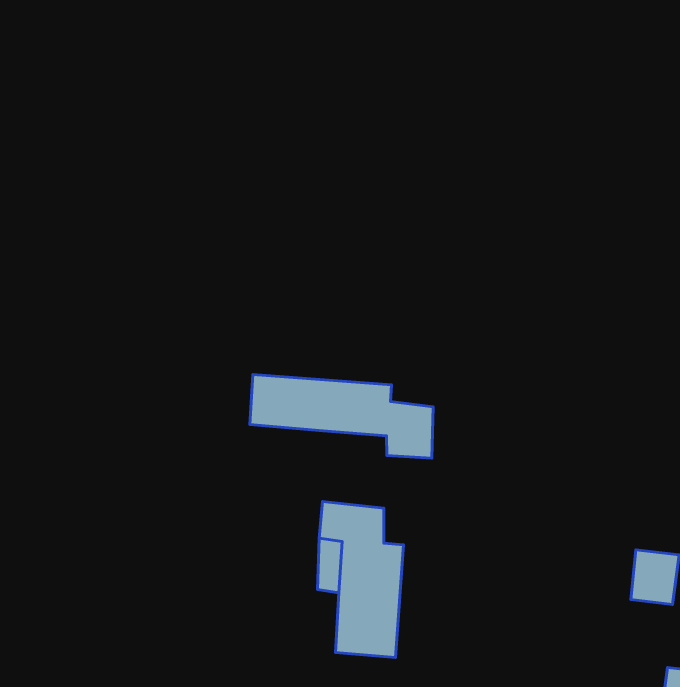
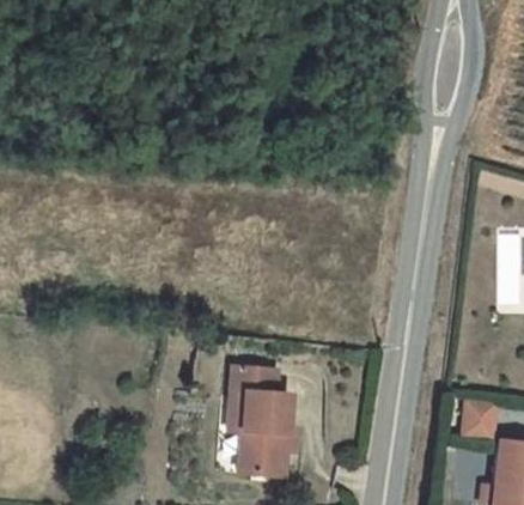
building: [250,375,433,458] -> none

